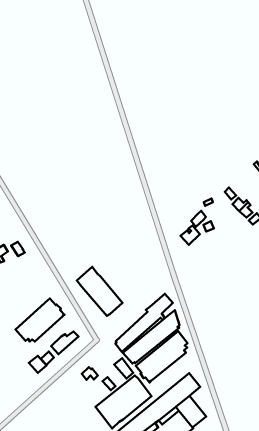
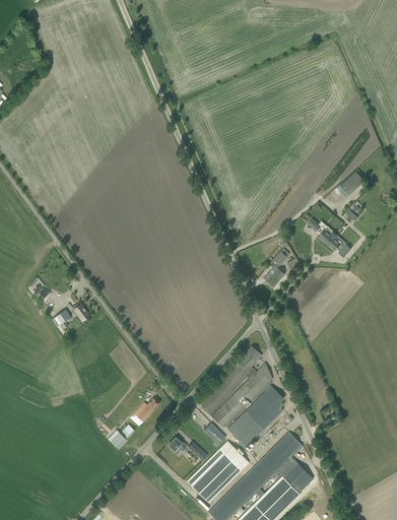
building: [77,267,122,316] -> none
building: [15,298,64,342] -> none

